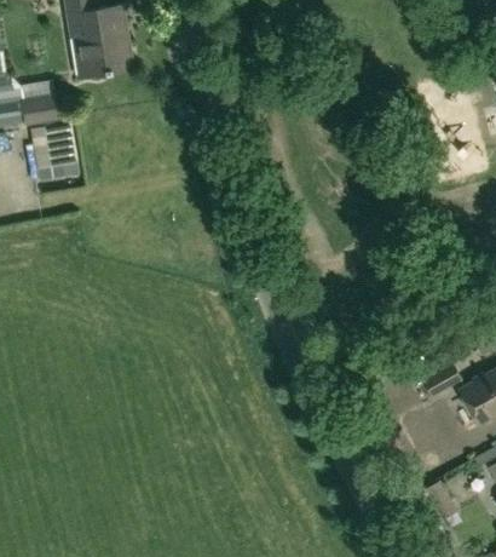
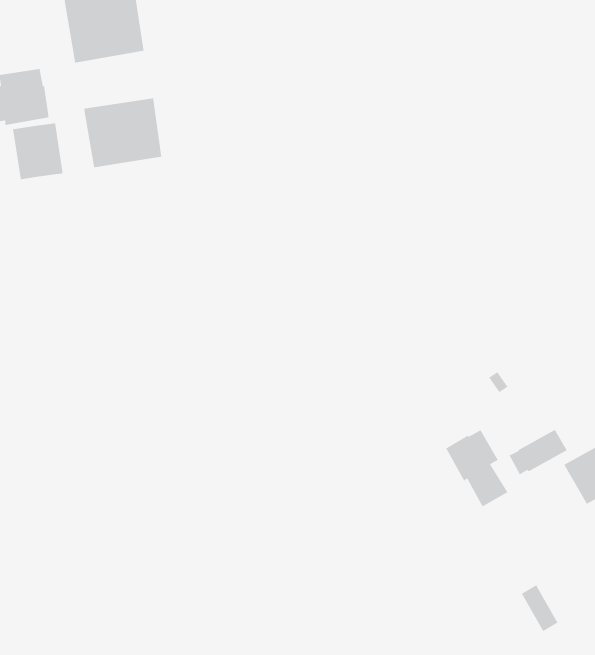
building: none -> [83,97,162,168]
building: none -> [445,429,509,507]

